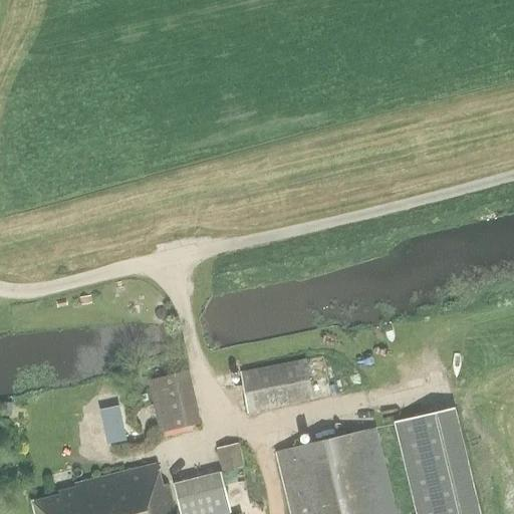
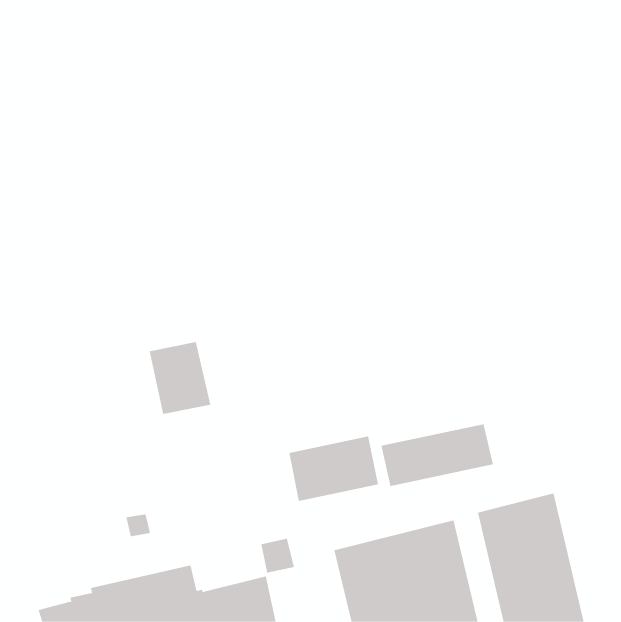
building: none -> [381,423,493,487]
building: [150,374,201,435] -> [149,341,211,415]

